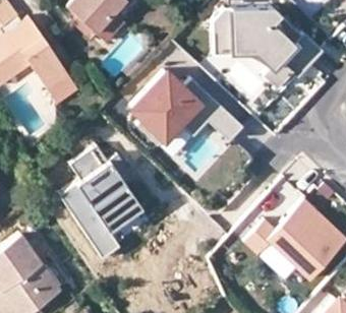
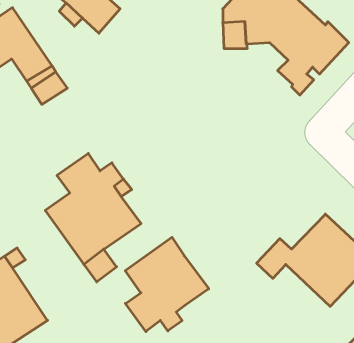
building: [133,73,240,146] -> none
building: none -> [125,237,209,332]

